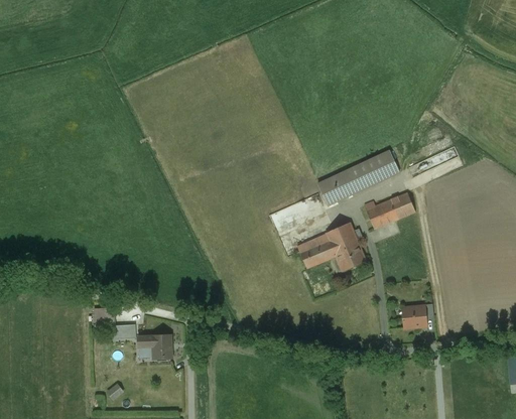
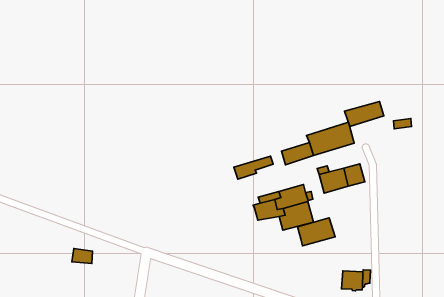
building: none -> [345,101,384,127]
building: none -> [298,218,335,246]
building: [138,335,171,359] -> none

